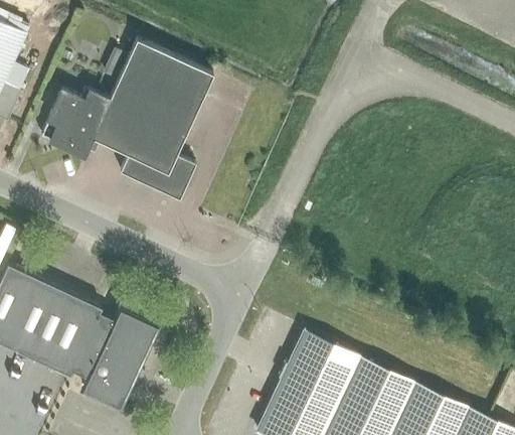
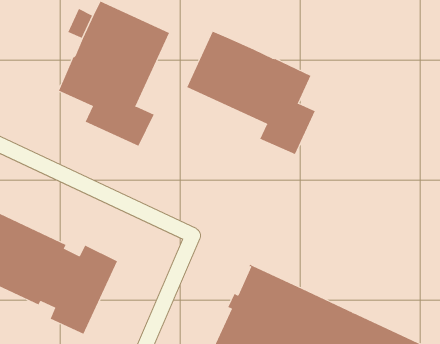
building: none -> [186,31,316,155]
building: [40,90,109,162] -> none

